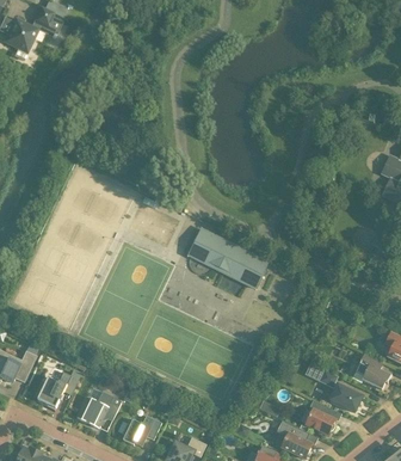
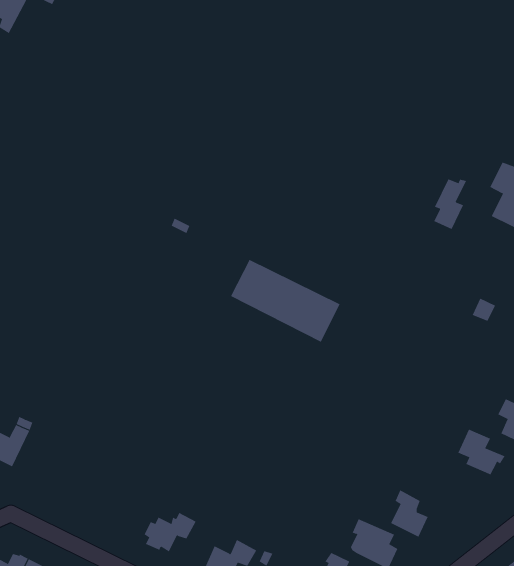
building: none -> [433,178,467,230]
building: [35,369,80,408] -> none
building: [317,369,362,412] -> none
building: [75,391,117,428] -> none

